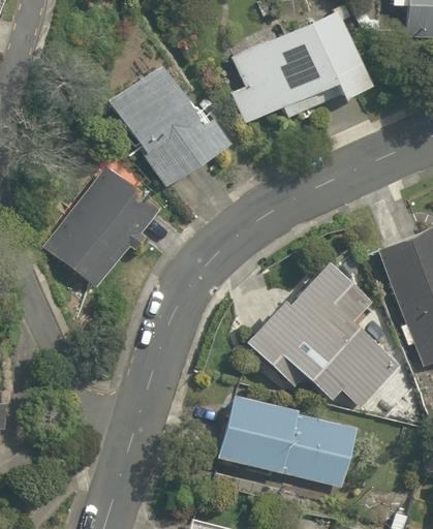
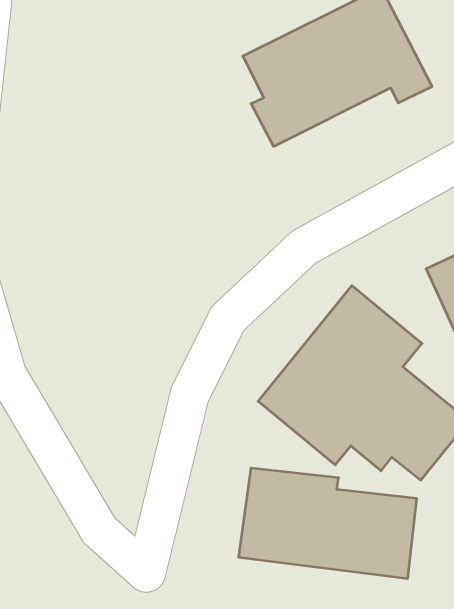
building: [121,68,233,194] -> none
building: [43,168,163,287] -> none

